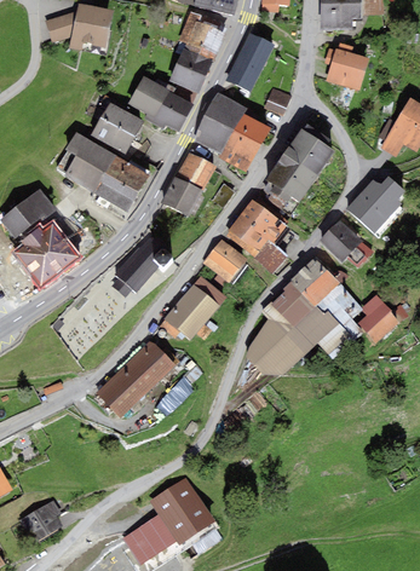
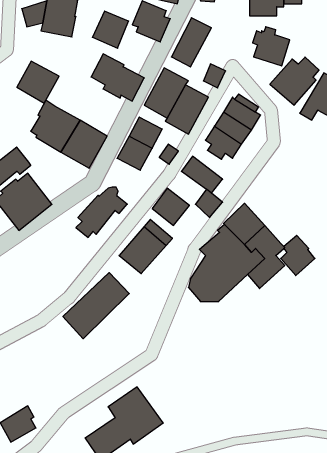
building: [168,48,212,93] -> [92,11,129,48]
building: [91,103,142,154] -> [17,61,59,103]
building: [345,175,404,233] -> [270,57,319,105]
building: [226,217,267,256] -> none
building: [318,219,362,261] -> none

